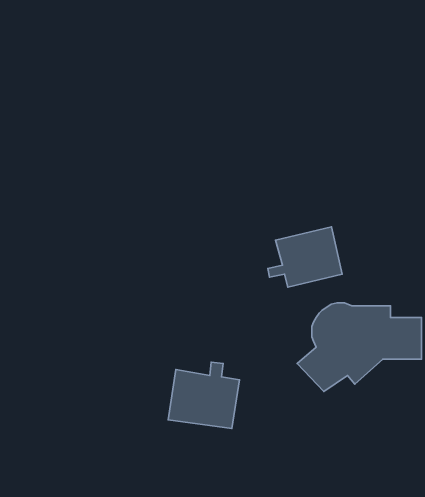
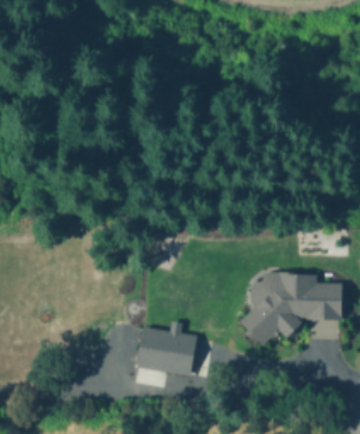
building: [268,227,342,287] -> none

